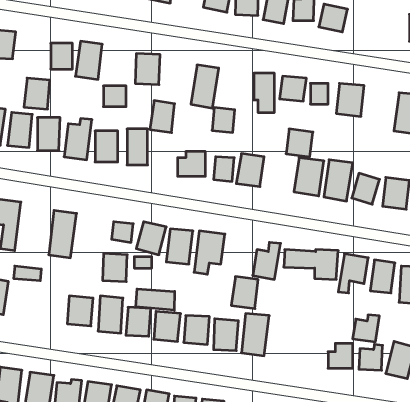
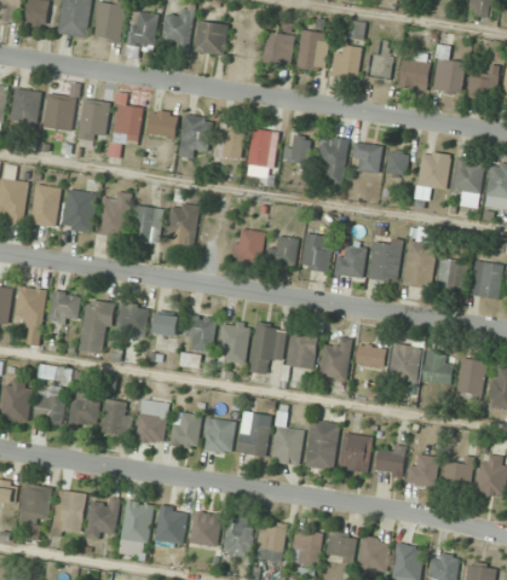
building: none -> [432,59,466,95]
building: none -> [466,71,497,103]
building: [24,78,50,109] -> [45,94,75,130]
building: [103,86,126,107] -> [150,111,177,135]
building: none -> [454,159,482,195]
building: [150,101,175,133] -> [215,123,244,161]
building: [212,108,235,132] -> [284,135,311,164]
building: [286,129,313,157] -> [335,245,367,278]
building: none -> [50,291,81,325]
building: [103,254,127,282] -> [119,304,148,337]
building: [231,277,258,309] -> [287,332,318,370]
building: none -> [35,387,64,423]
building: [136,289,175,310] -> none
building: none -> [69,393,99,427]
building: [353,315,379,342] -> [375,445,407,476]
building: none -> [341,433,373,472]

